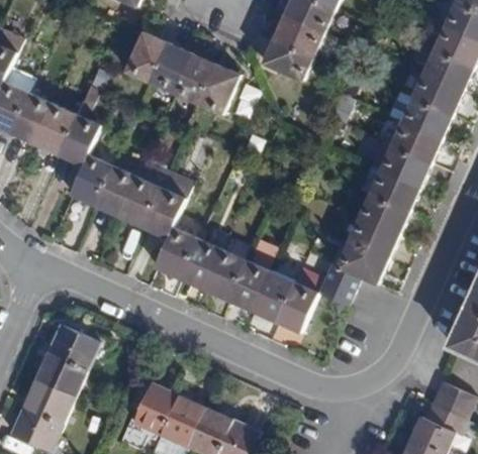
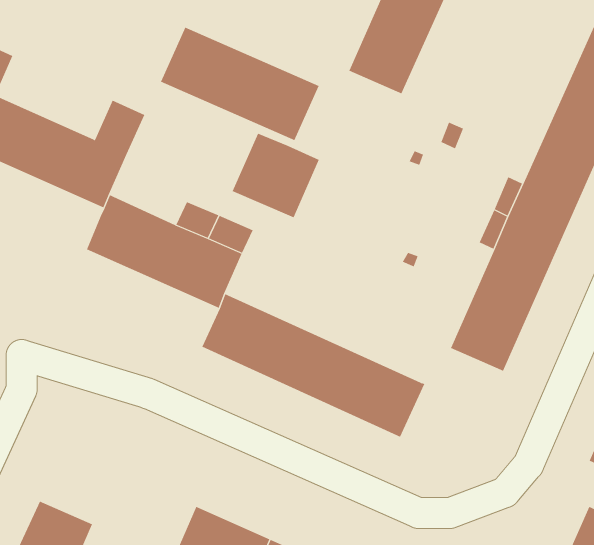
building: none -> [232,133,320,218]
building: [319,264,361,307] -> none
building: [35,325,100,396] -> none

